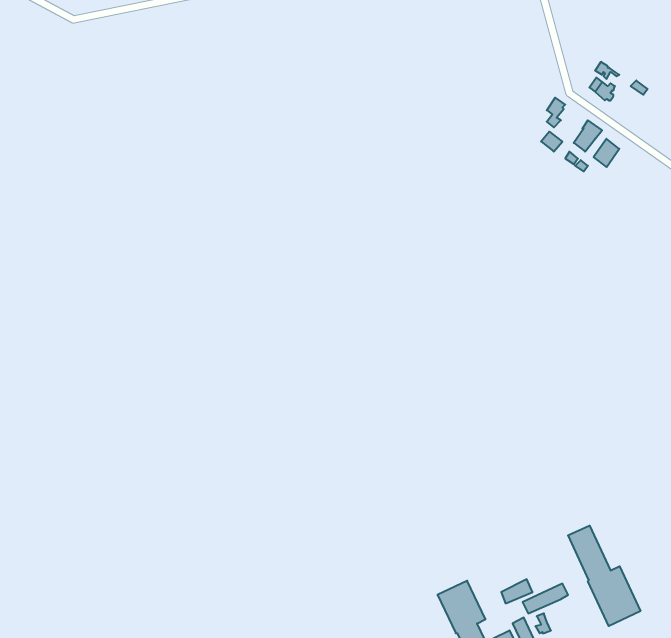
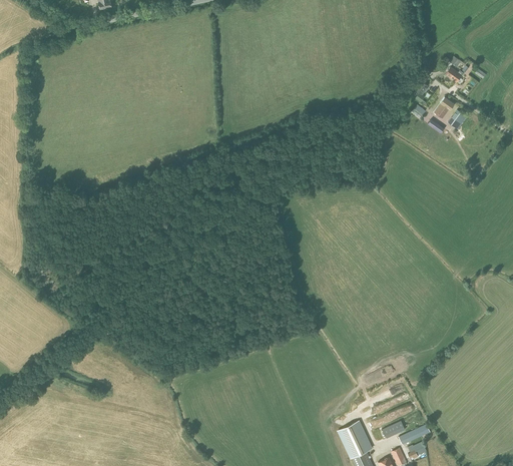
building: [568,526,640,626] -> none

